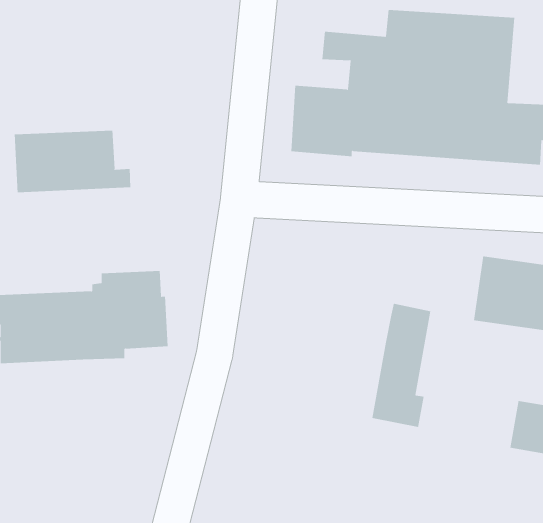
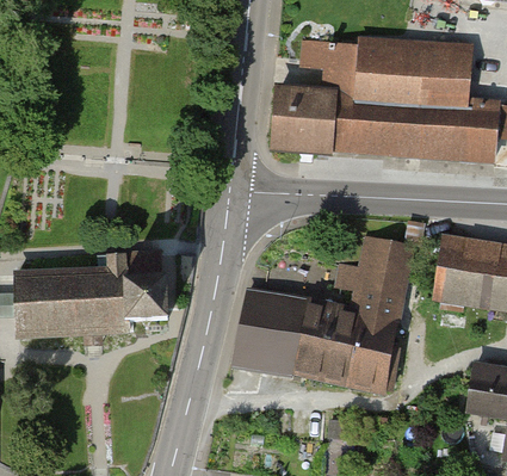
building: [14,130,131,193] -> none
building: none -> [335,240,407,292]
building: none -> [233,293,358,383]

